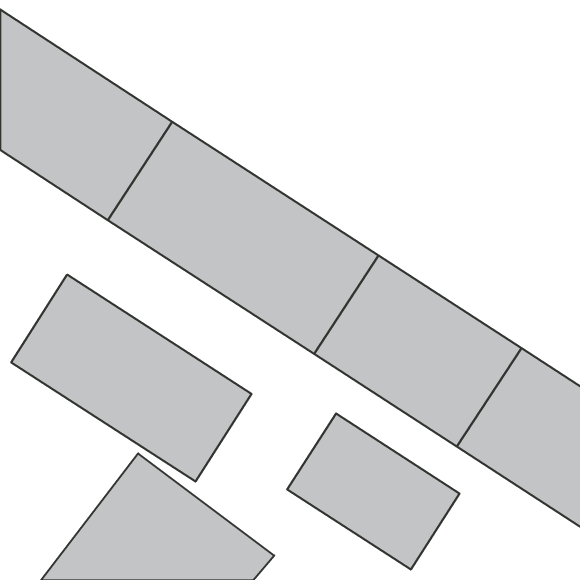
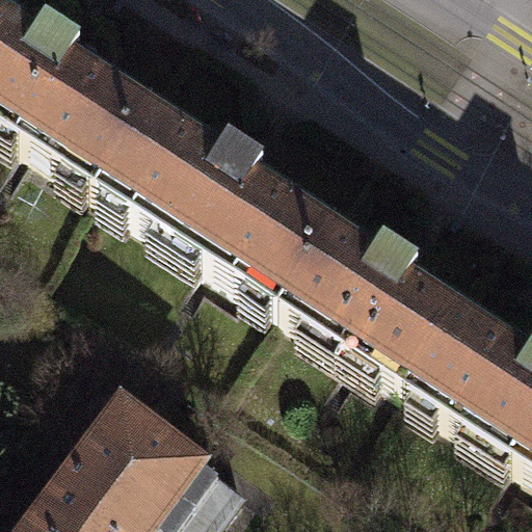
building: [11,275,251,482] -> none
building: [287,413,459,570] -> none

